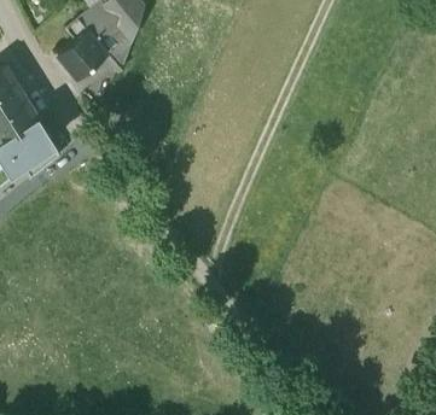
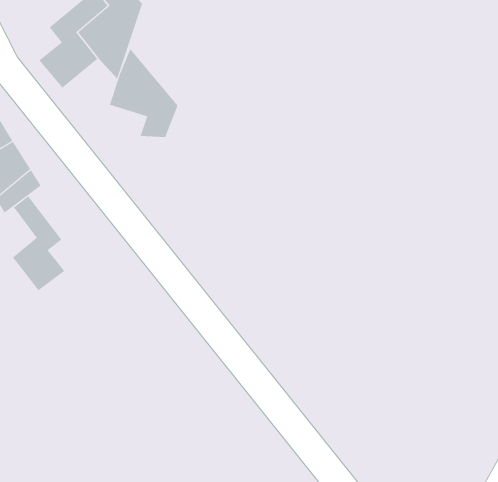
building: none -> [109,48,178,138]
building: none -> [12,195,65,291]

